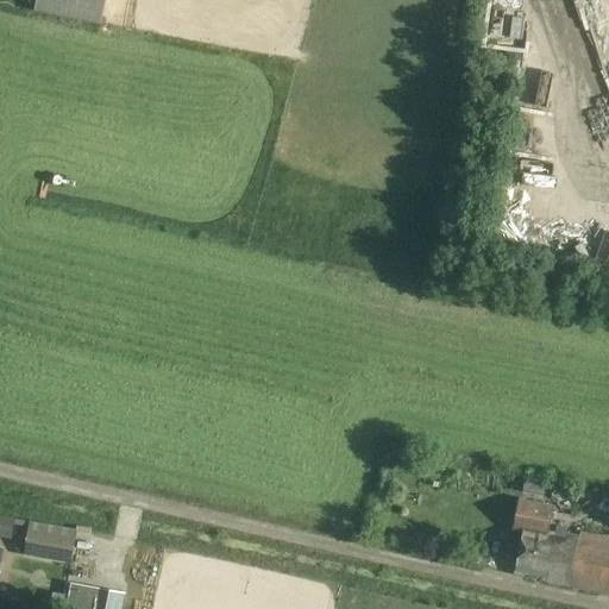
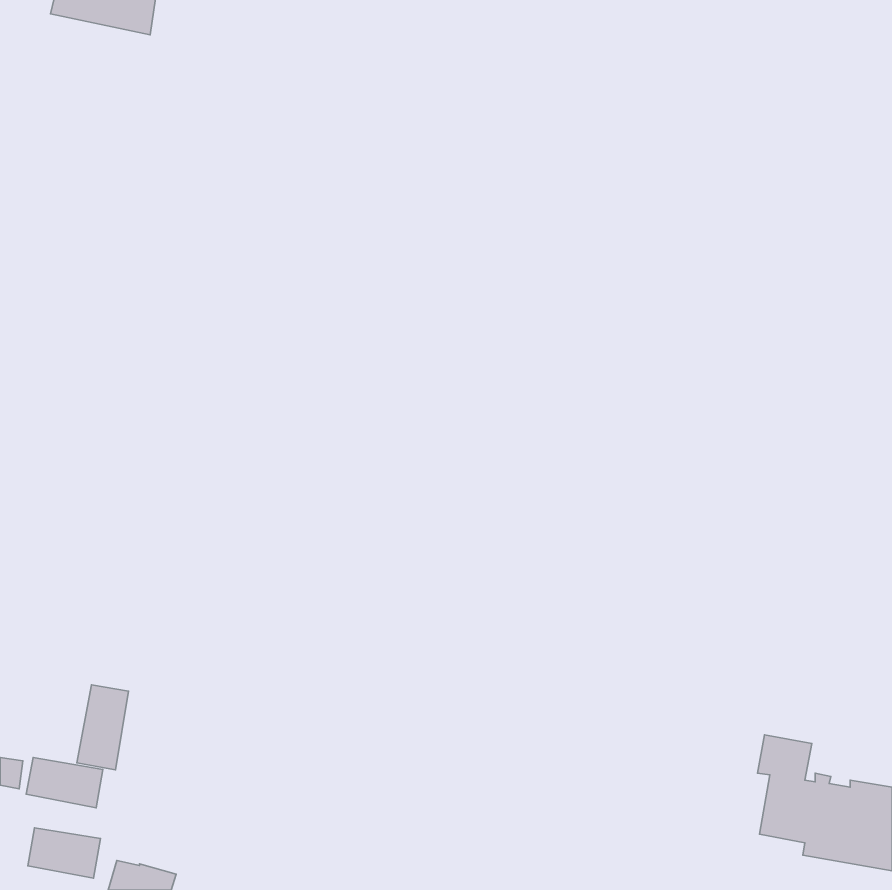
building: none -> [77,685,129,770]
building: none -> [28,828,101,878]

